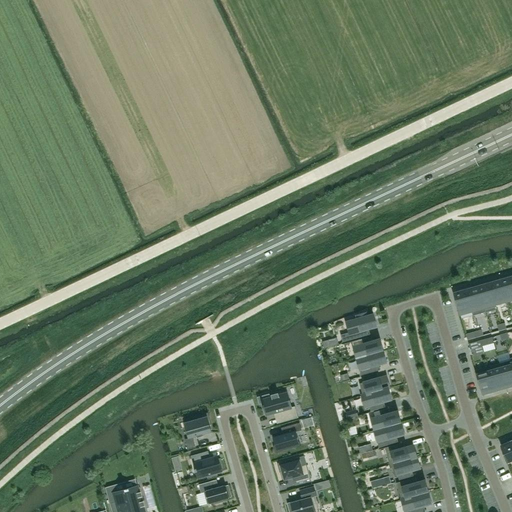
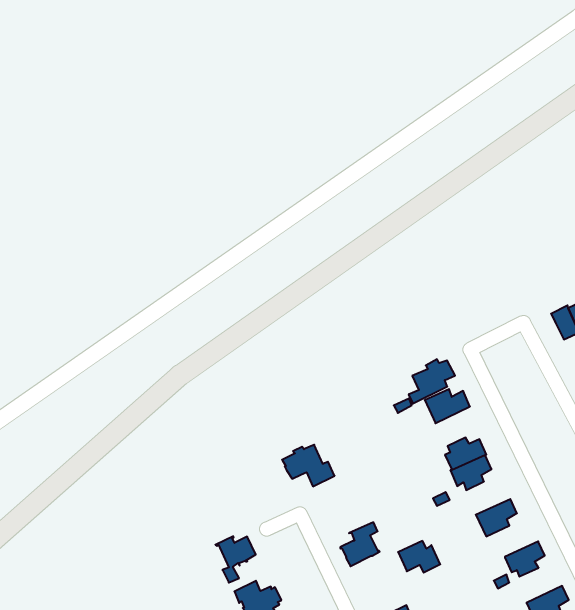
building: [357,351,387,375] -> none
building: [262,393,298,423] -> [282,445,335,486]
building: [372,408,402,430] -> none
building: [385,442,417,465] -> none
building: [281,460,310,483] -> [398,541,440,573]
building: [397,477,429,500] -> none

